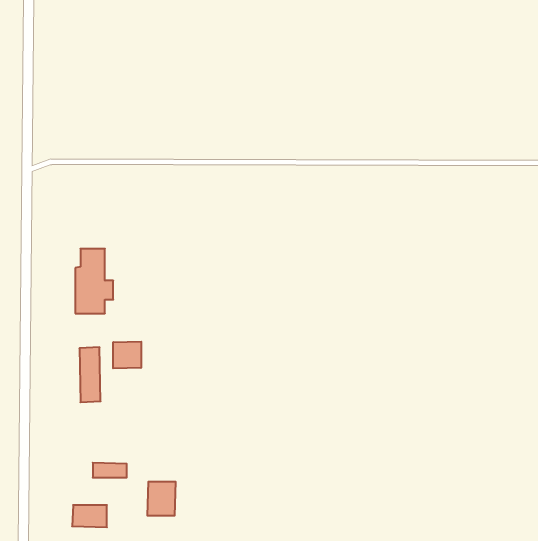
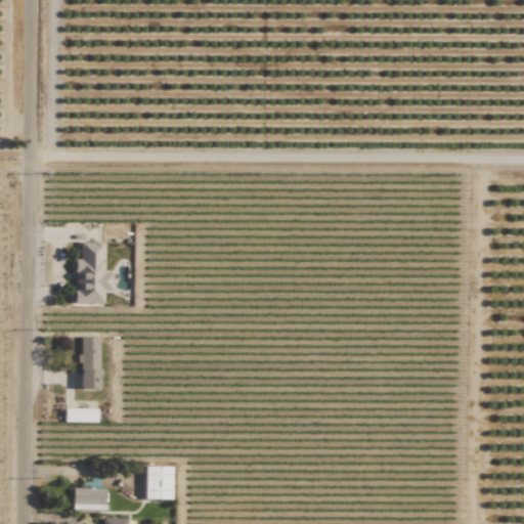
building: [113,342,141,368] -> none
building: [93,463,127,478] -> [66,407,98,422]

